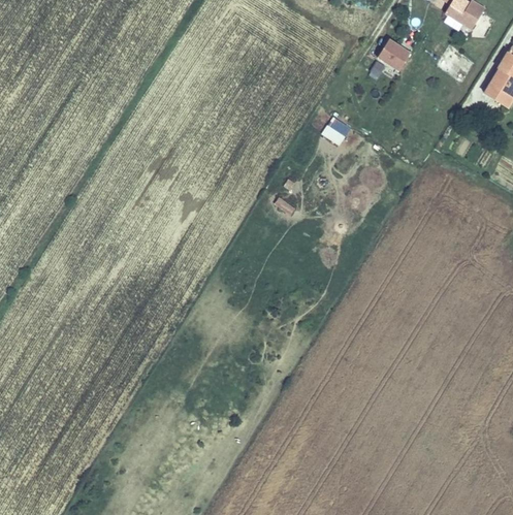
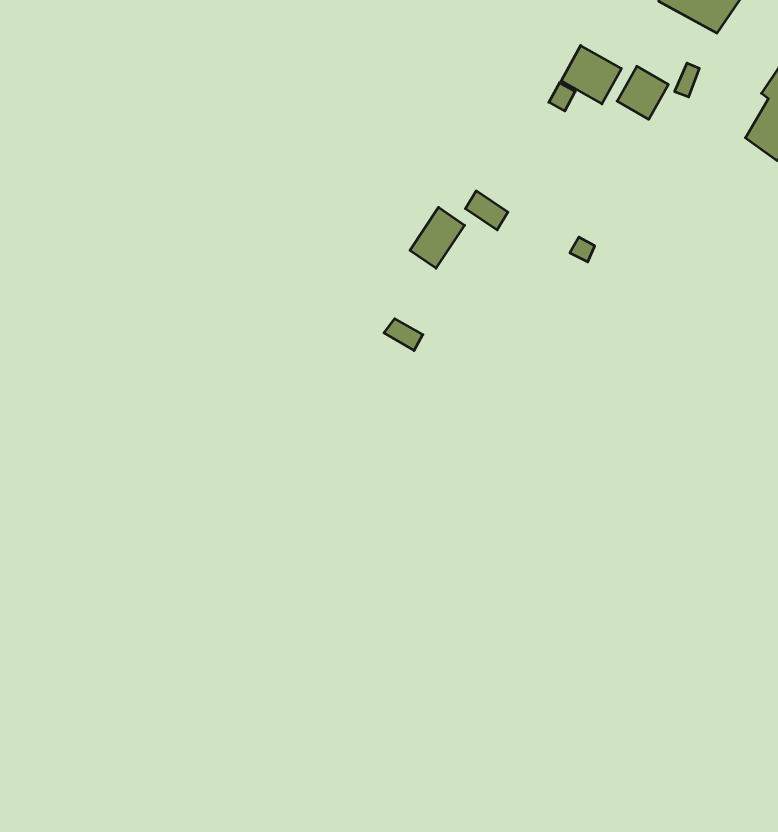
building: none -> [617,66,668,119]
building: none -> [410,207,465,268]

